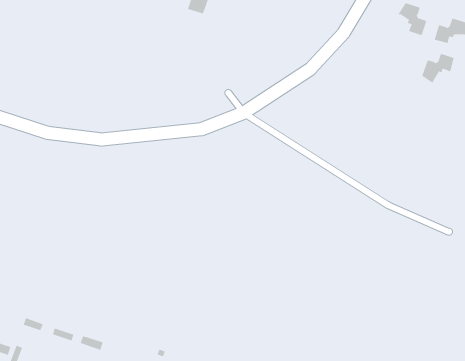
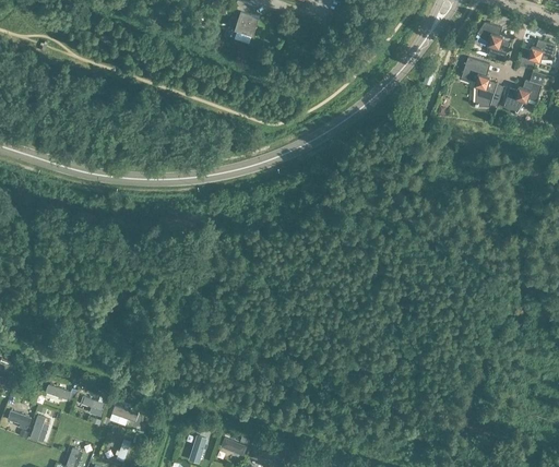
building: none -> [462,57,497,106]

